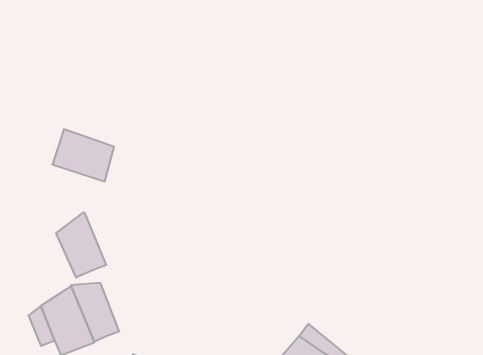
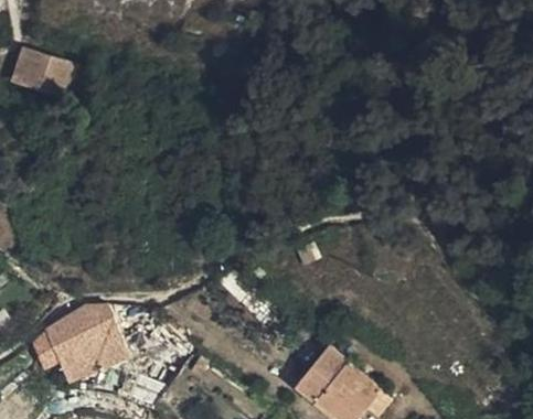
building: [52,129,114,181] -> [14,49,79,104]
building: [56,212,106,278] -> none

